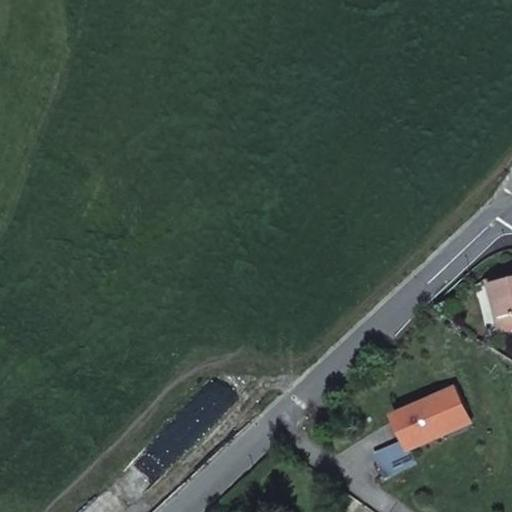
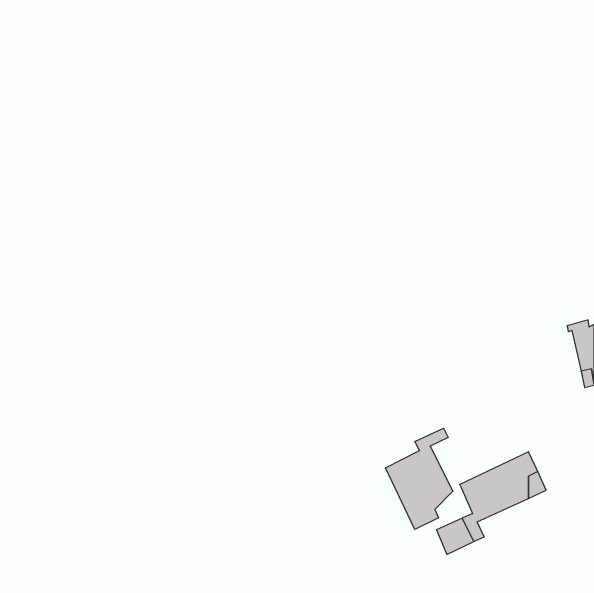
building: none -> [385,428,453,529]

